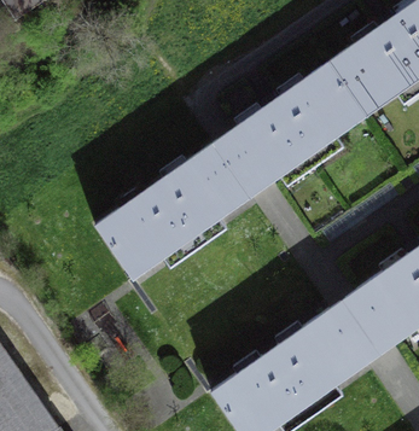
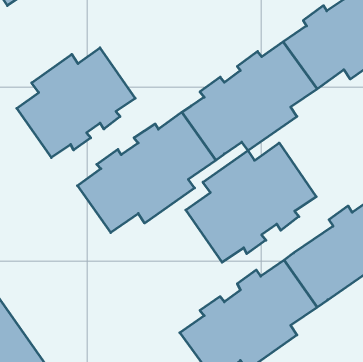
building: none -> [17,48,135,158]
building: none -> [186,143,316,262]

